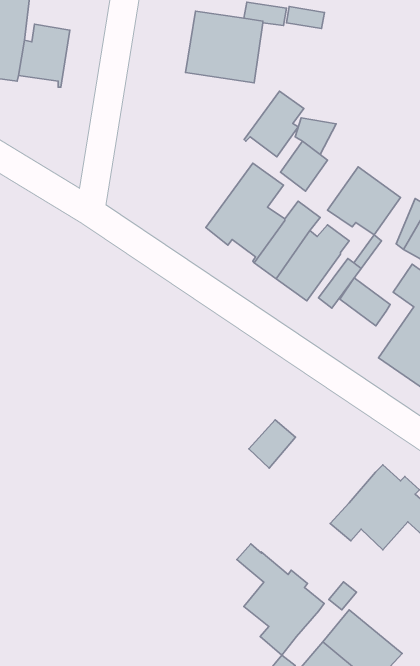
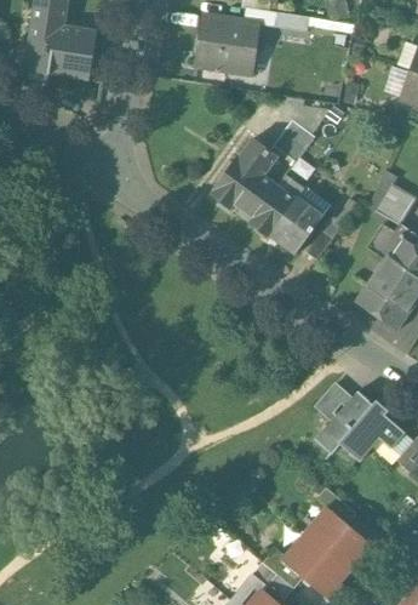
building: [244,91,304,157] -> none
building: [327,167,401,235] -> none
building: [340,278,390,326] -> none
building: [249,420,296,468] -> [313,382,351,422]
building: [237,544,324,655] -> none

